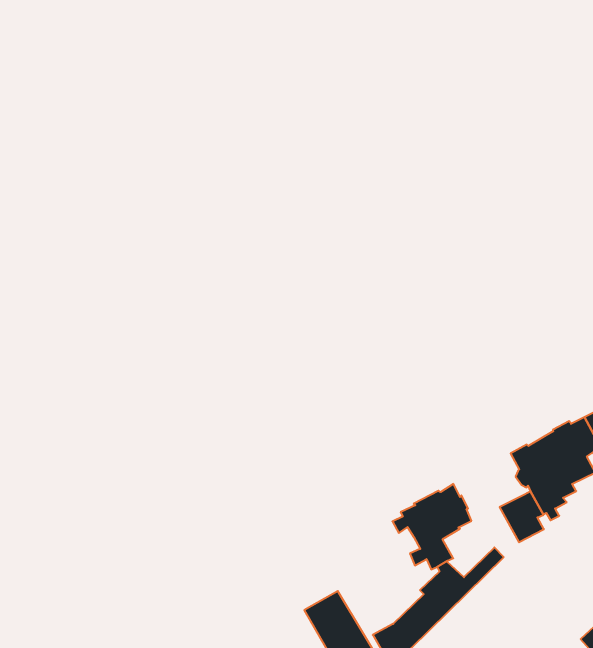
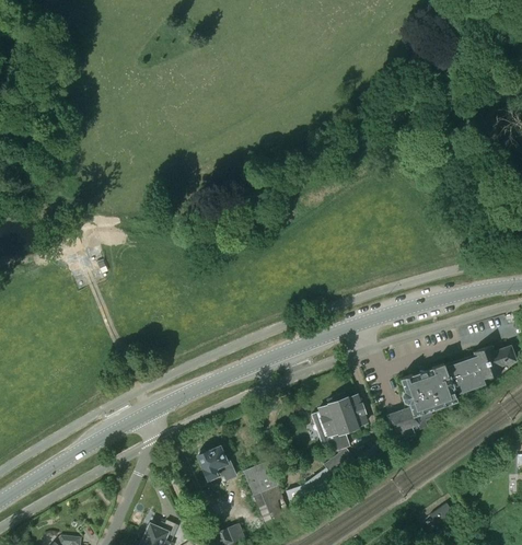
building: none -> [197,445,236,479]

